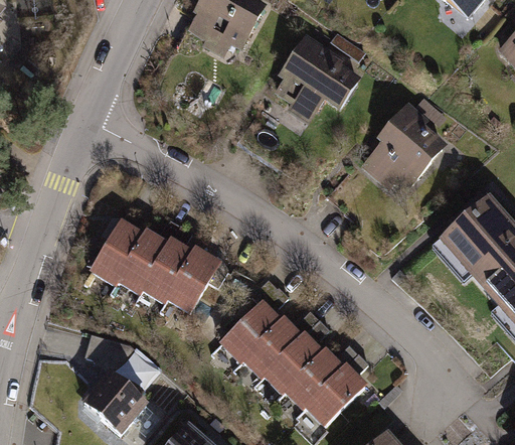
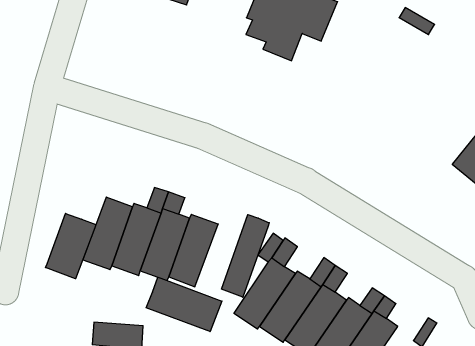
building: [360,102,447,192] -> none
building: none -> [46,213,96,279]
building: none -> [221,215,269,297]
building: none -> [146,277,222,332]

